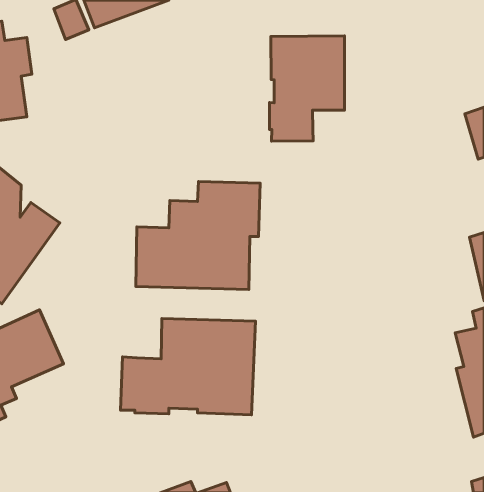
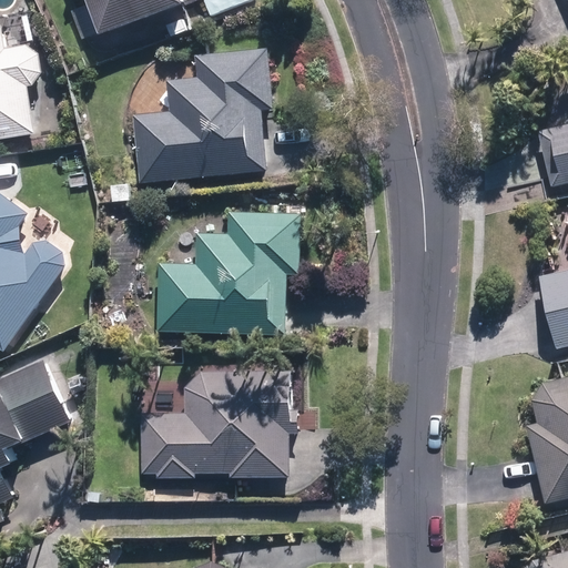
building: [269,36,345,141] -> none
building: none -> [135,50,290,183]

